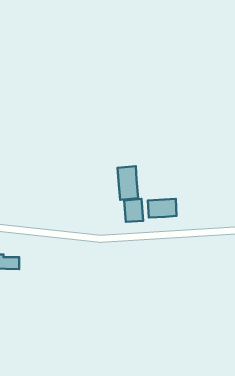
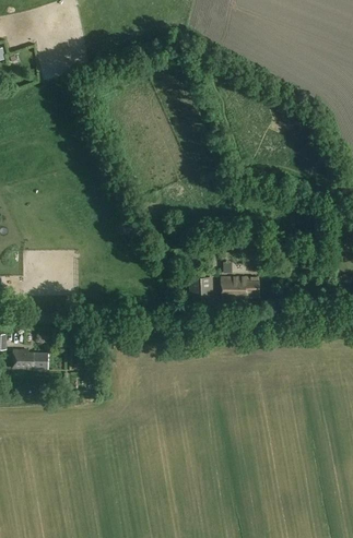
building: [118,166,138,200] -> none

